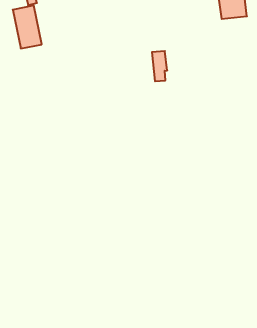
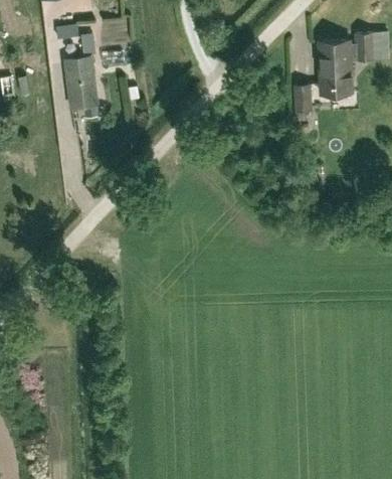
building: [152,51,167,81] -> [293,86,311,122]

